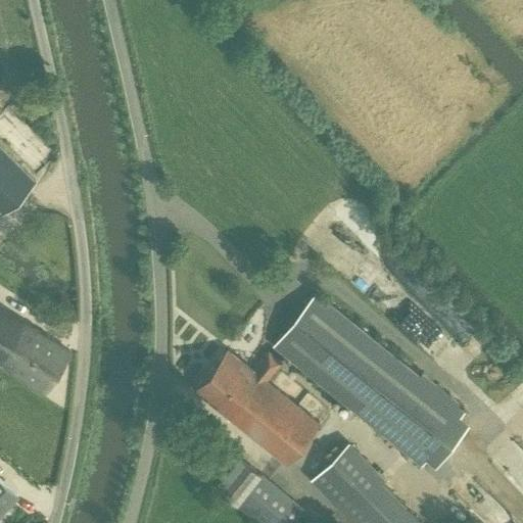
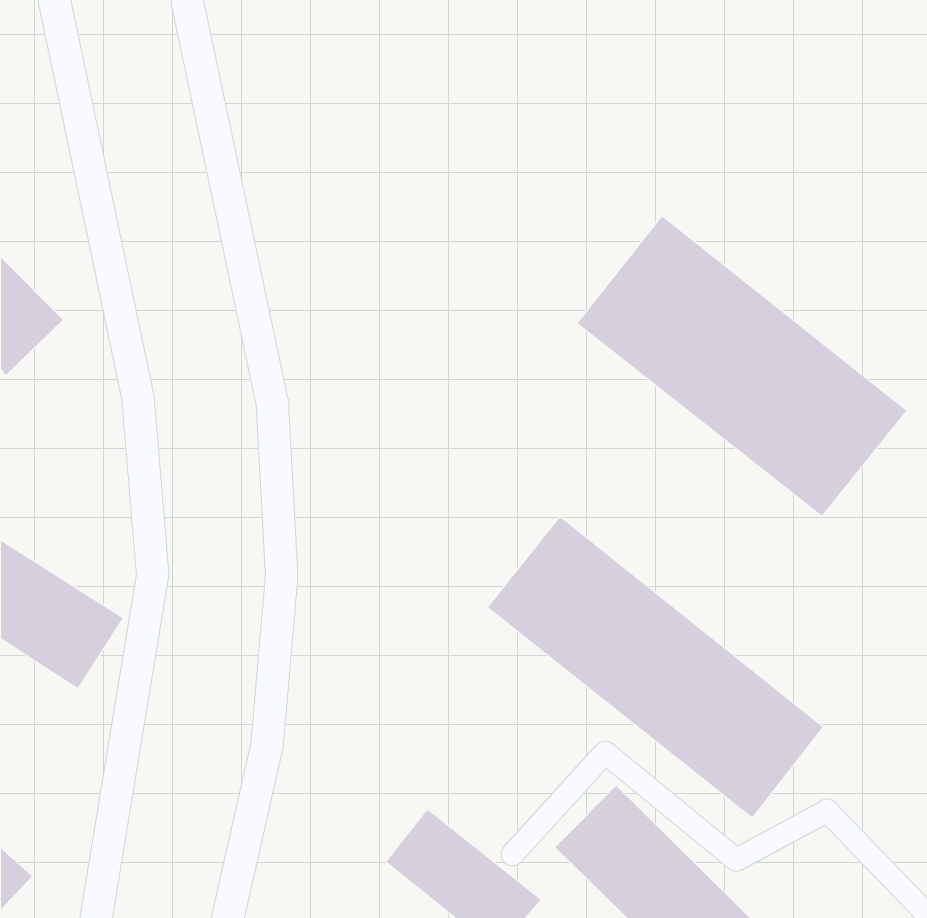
building: none -> [577,216,907,517]
building: [195,352,321,467] -> none

